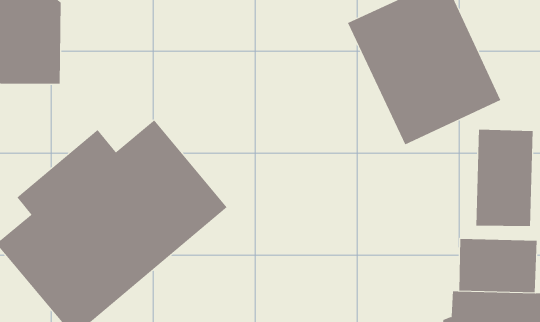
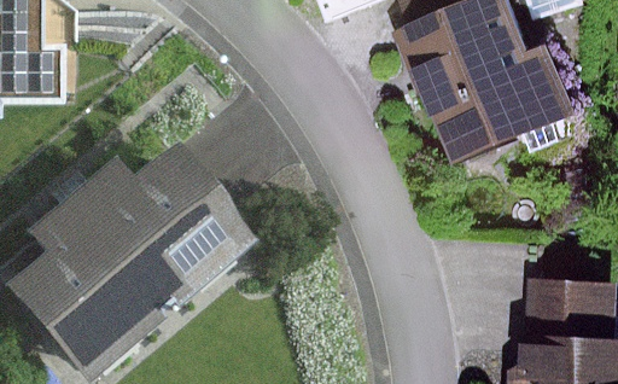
building: [476,129,533,227] -> none

